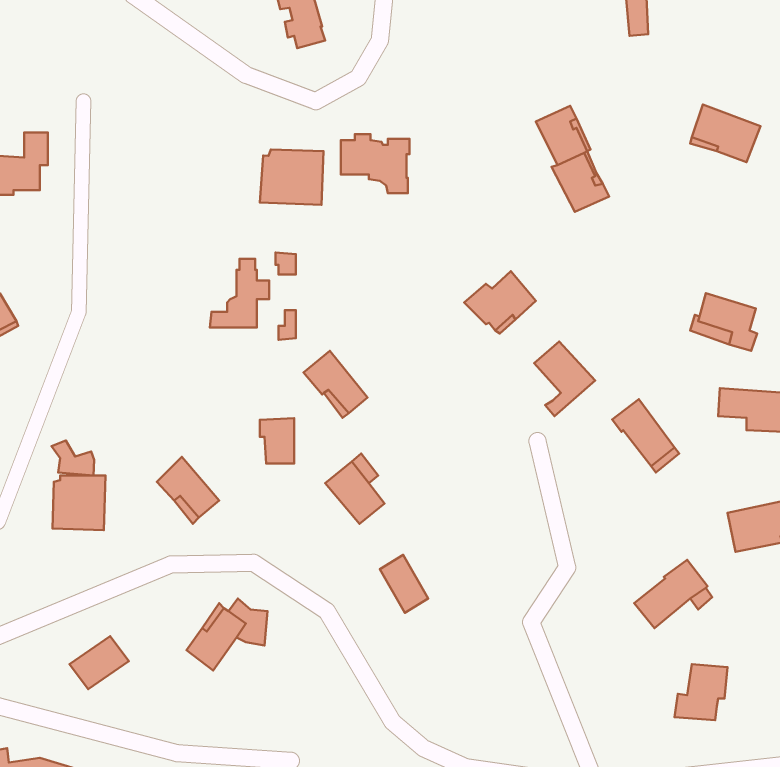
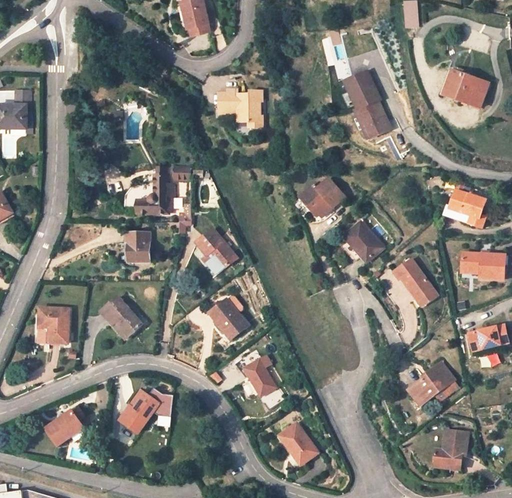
building: [260,149,324,205] -> none
building: [260,418,294,463] -> [125,232,147,261]
building: [51,441,94,475] -> none
building: none -> [279,423,316,464]

